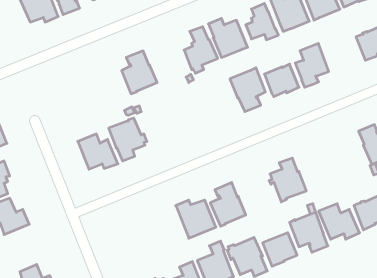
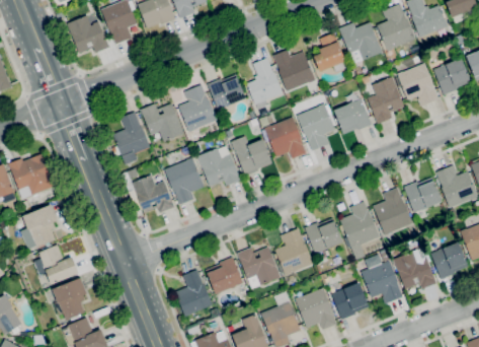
building: none -> [398,62,438,106]
building: none -> [208,74,246,110]
building: none -> [141,102,184,141]
building: none -> [112,112,151,164]
building: none -> [265,117,307,158]
building: none -> [232,135,271,176]
building: none -> [197,145,241,186]
building: none -> [404,177,443,213]
building: none -> [374,187,413,234]
building: none -> [305,217,343,253]
building: none -> [206,257,243,293]
building: none -> [175,269,213,317]
building: none -> [53,277,87,321]

